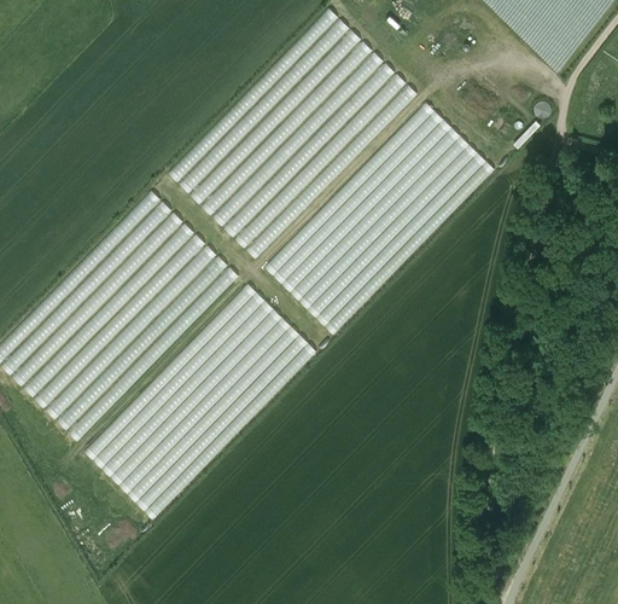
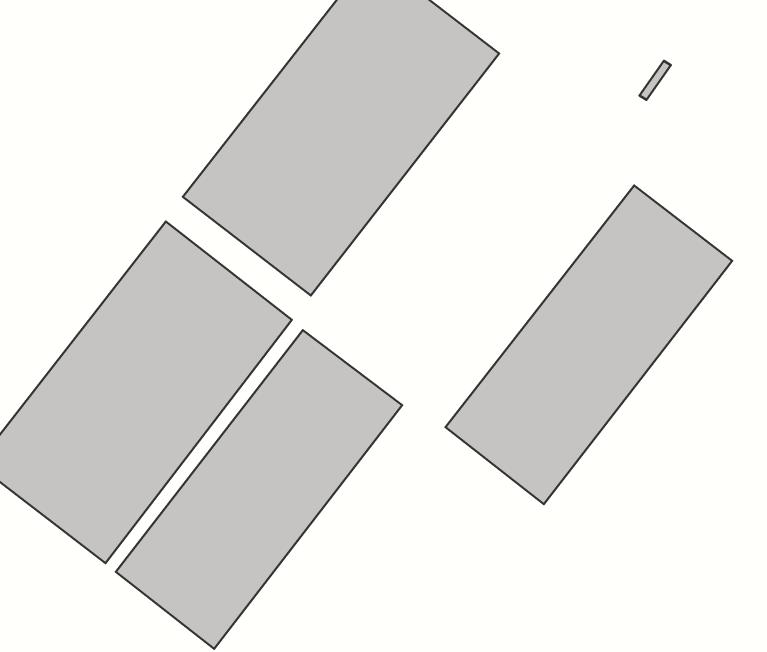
building: [264,101,489,332] -> [446,186,732,504]

